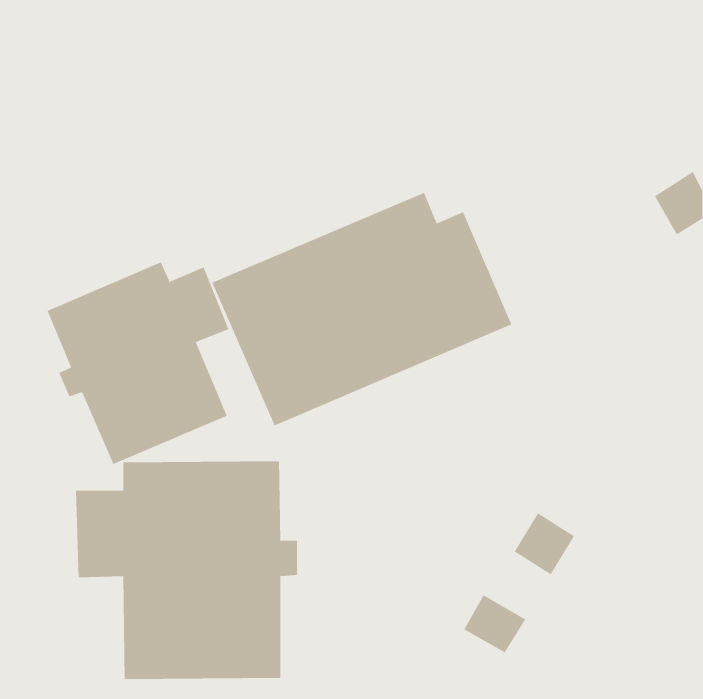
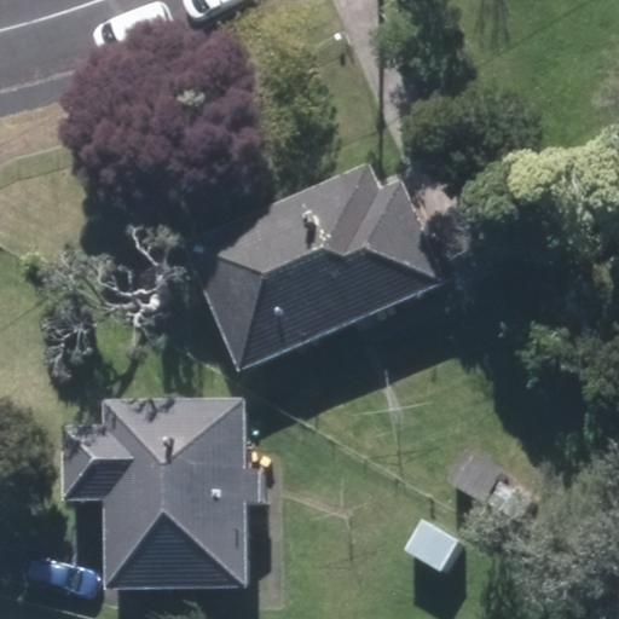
building: [47,262,229,465] -> none

